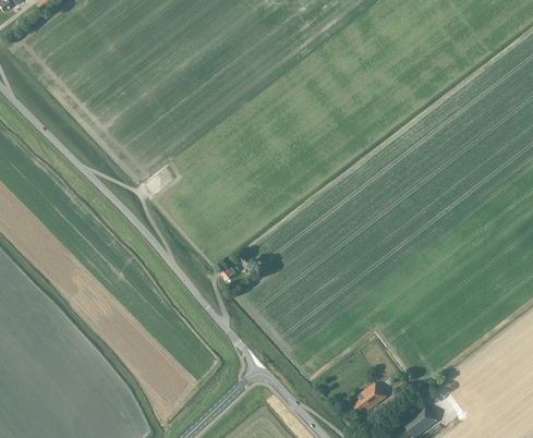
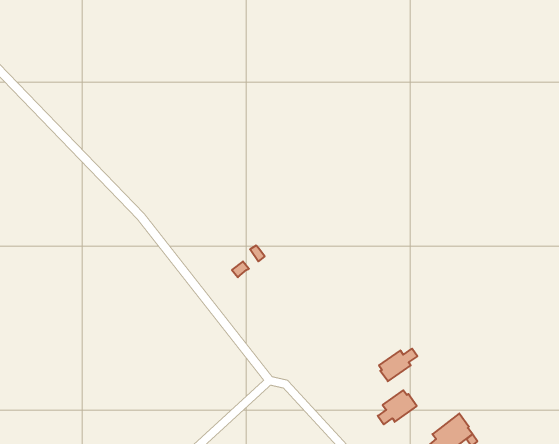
building: none -> [379,349,417,381]

